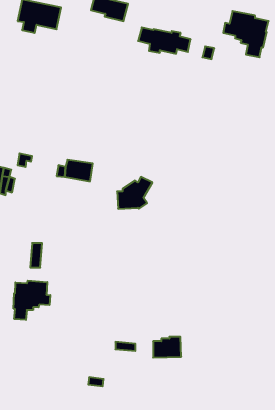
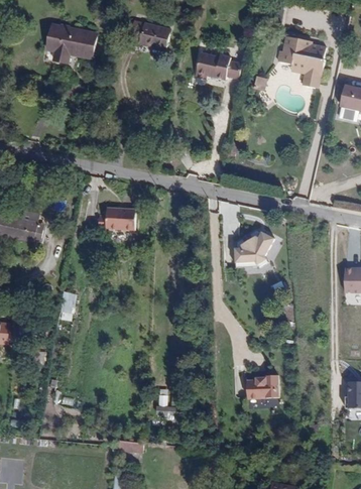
building: [117,177,152,209] -> [235,230,274,265]
building: [14,281,50,320] -> none
building: [153,337,181,358] -> [247,374,278,397]

